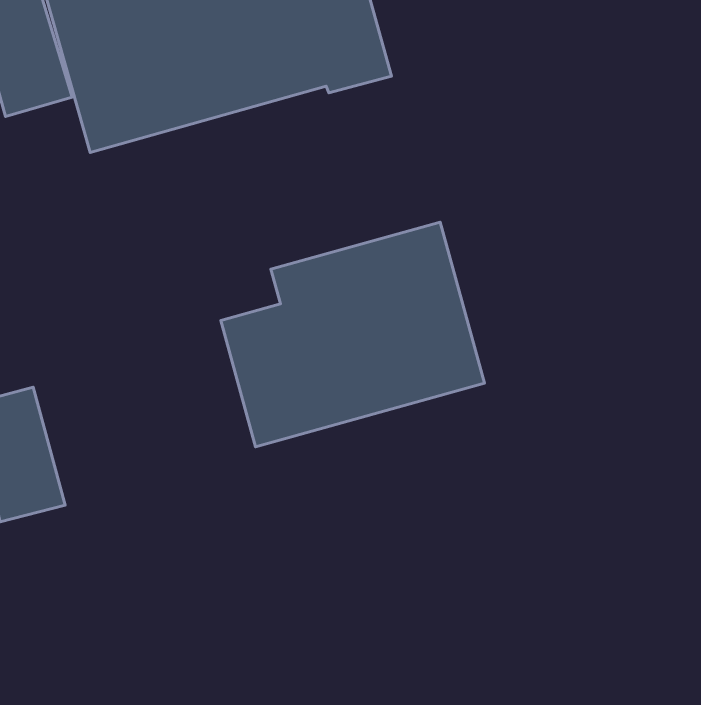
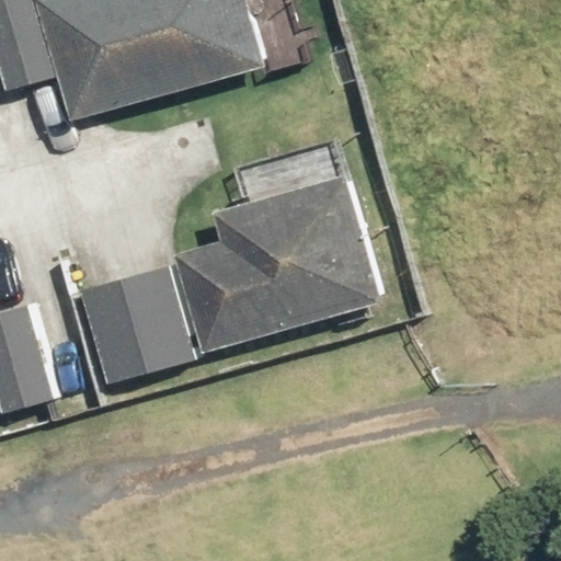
building: none -> [79,266,193,385]

